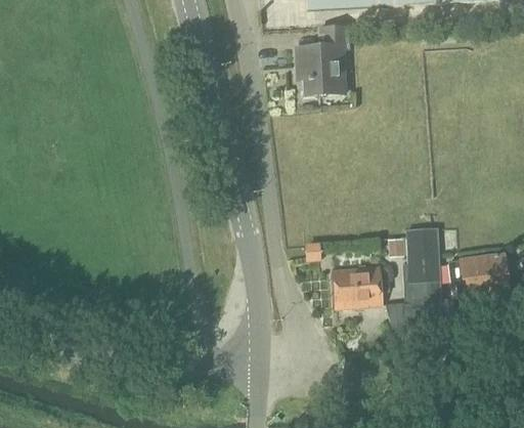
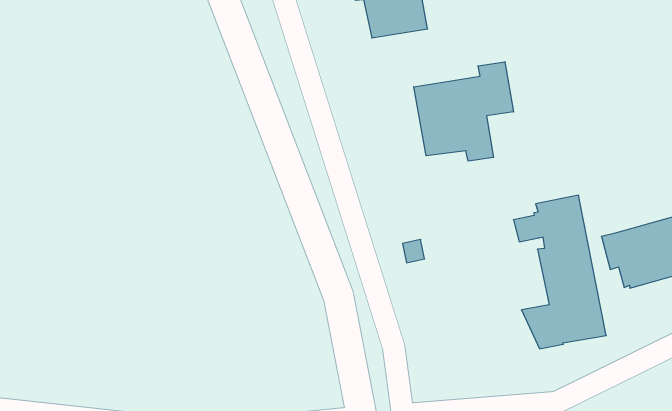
building: none -> [414,62,514,161]
building: [333,265,387,309] -> none

